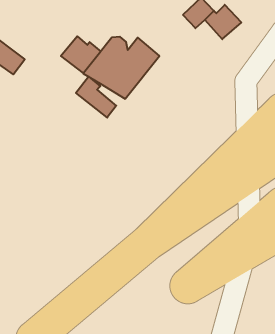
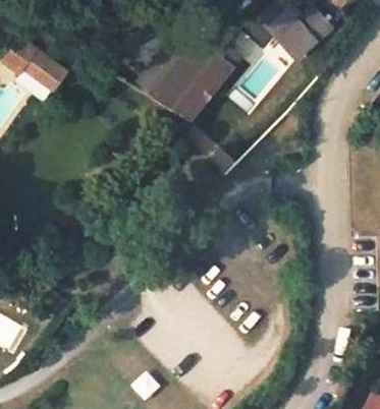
building: [61,36,101,73] -> none
building: [76,77,116,118] -> none

